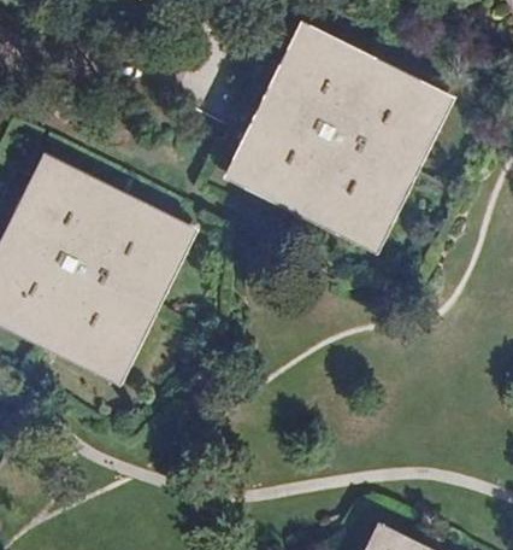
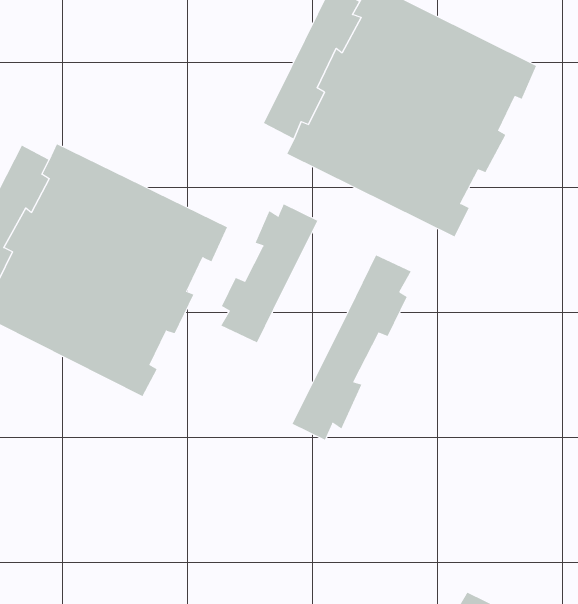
building: none -> [220,203,318,343]
building: none -> [292,255,412,441]

